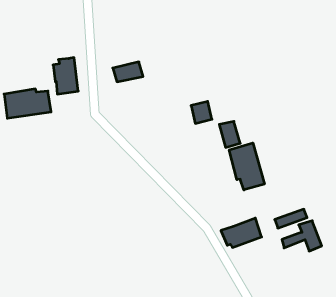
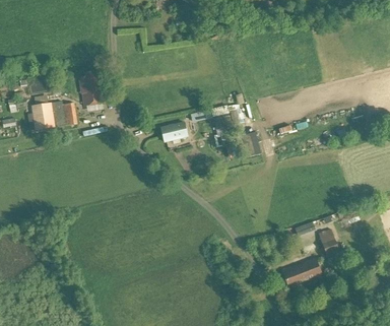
building: [113,62,143,82] -> [160,122,190,141]
building: [229,143,264,190] -> none
building: [221,218,262,247] -> [282,258,322,286]

